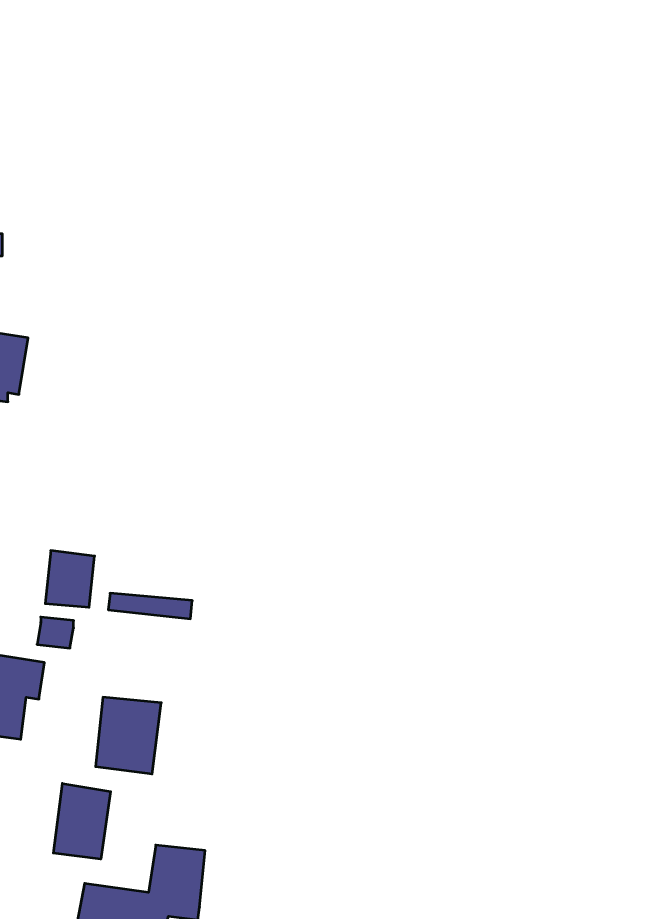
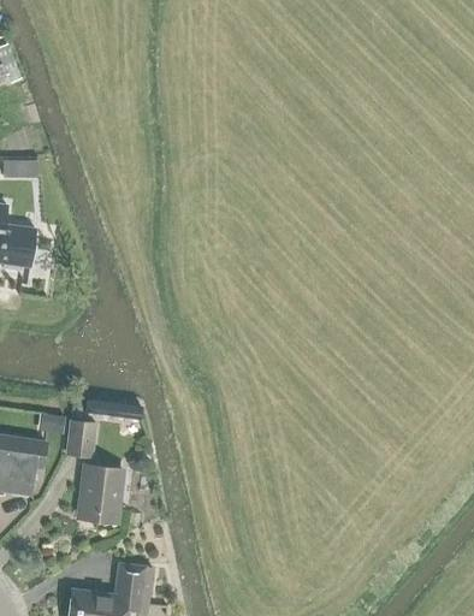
building: [45,551,95,607] -> [64,417,96,455]
building: [53,783,111,859] -> none

